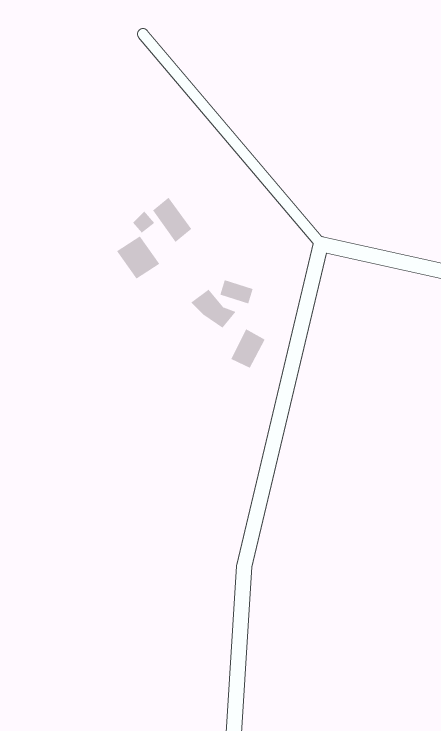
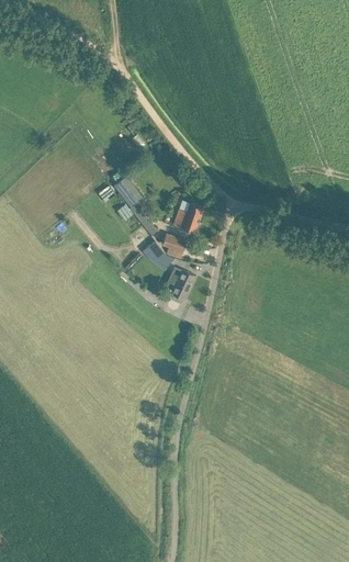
building: none -> [172,203,202,233]
building: [116,236,160,280] -> none

